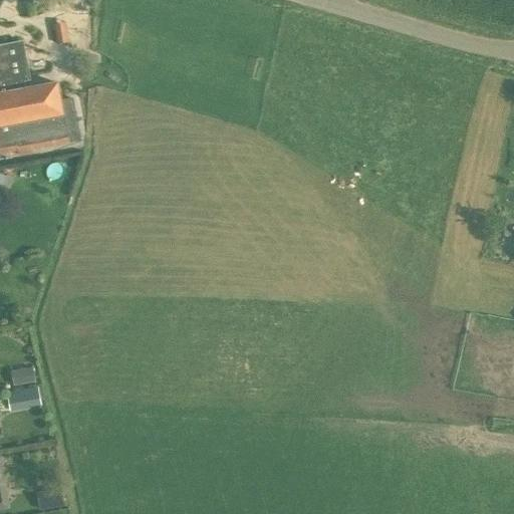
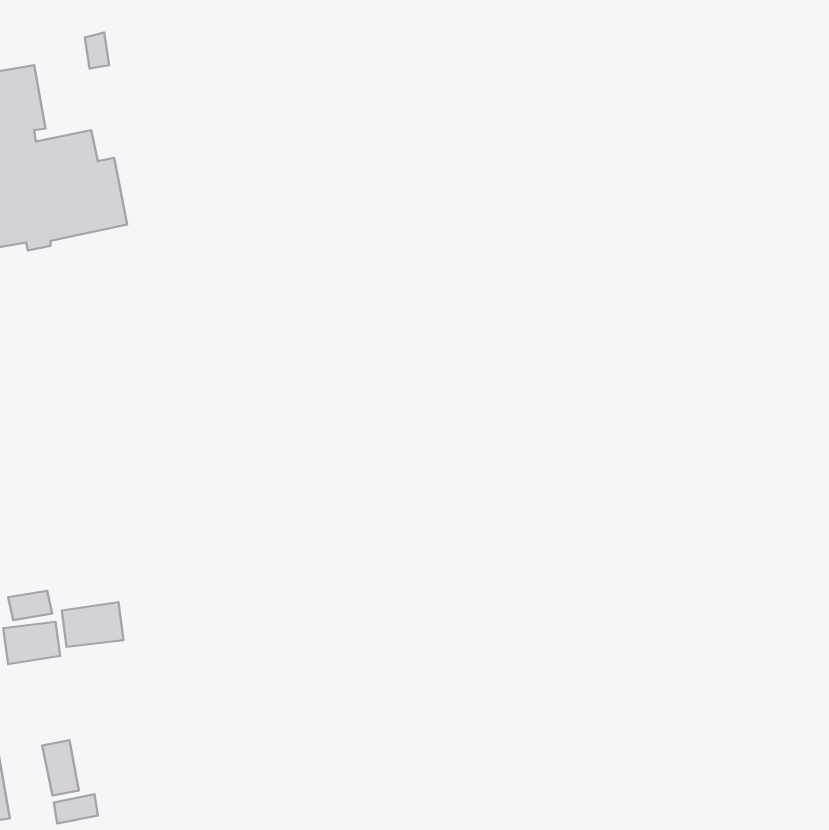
building: none -> [62,602,124,647]
building: none -> [42,740,79,796]

